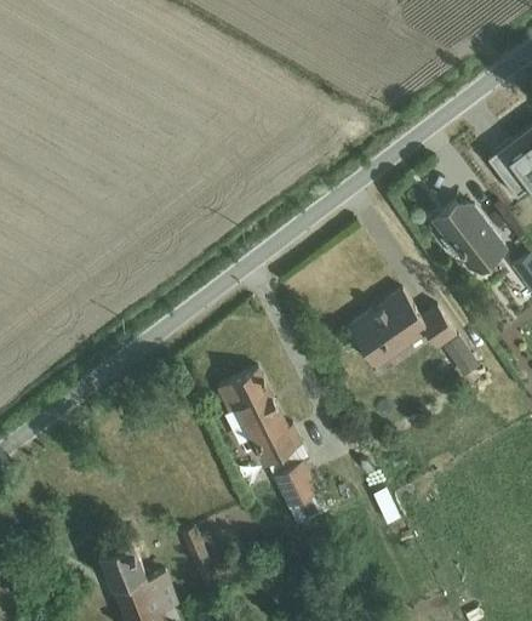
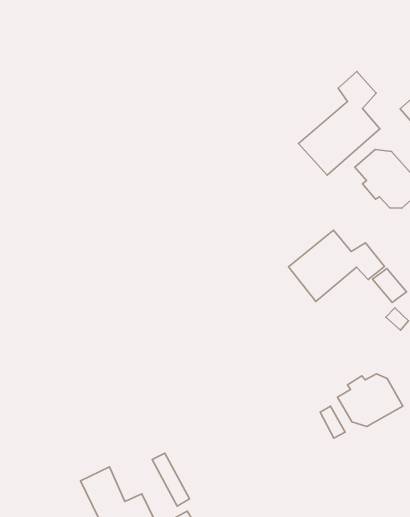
building: none -> [298,71,380,175]
building: [218,370,328,528] -> none
building: none -> [337,374,403,427]

